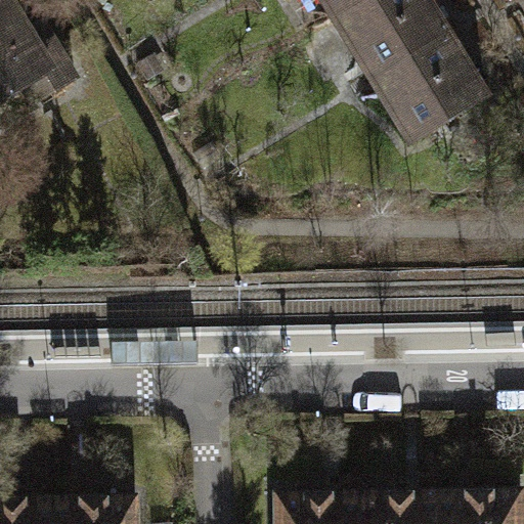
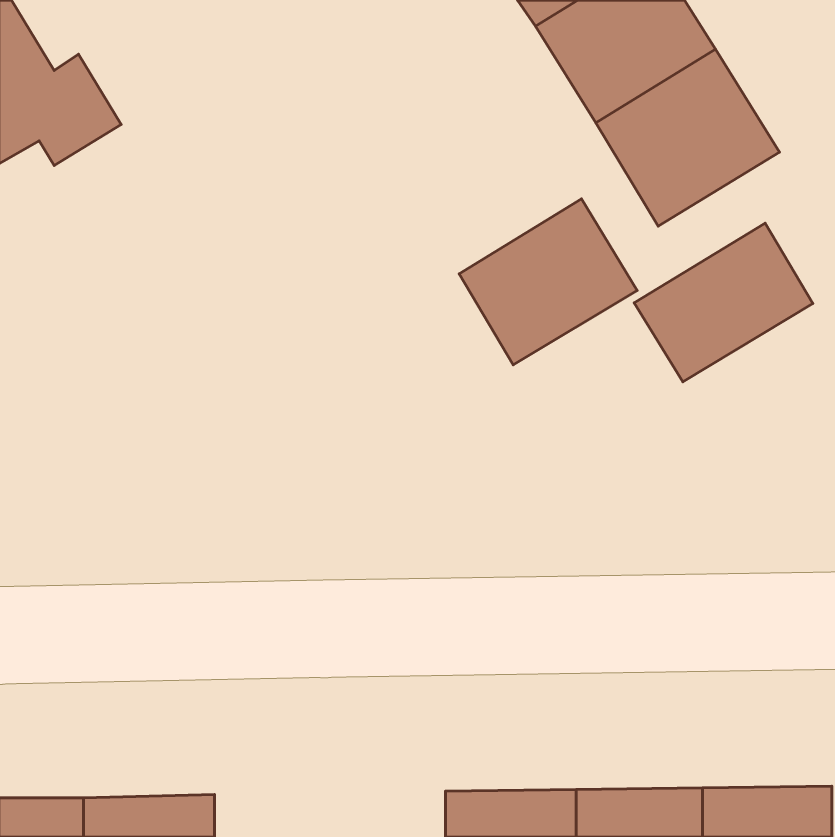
building: none -> [459,199,637,365]
building: none -> [634,223,813,382]

